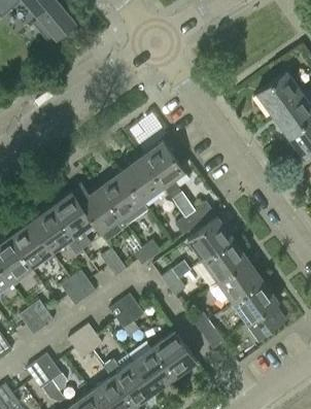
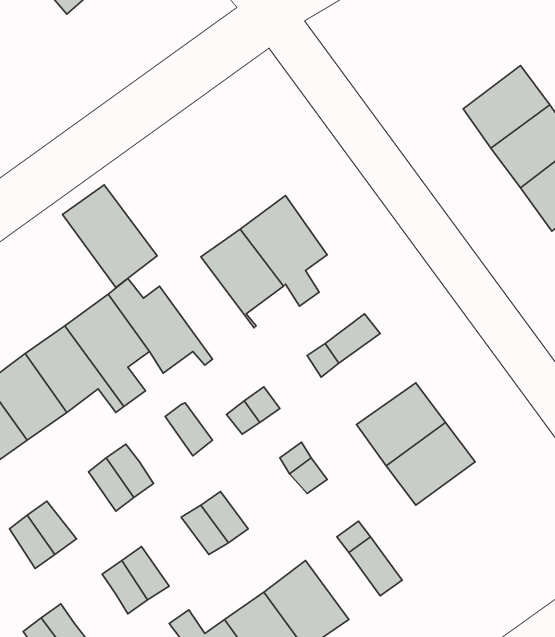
building: [98,173,147,227] -> [63,185,157,288]
building: [186,218,232,261] -> none
building: [232,280,286,343] -> none

